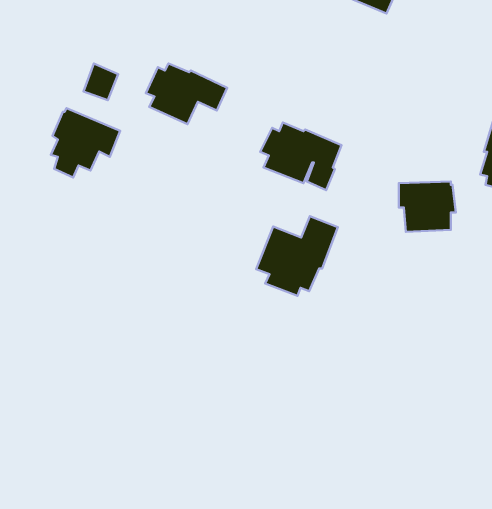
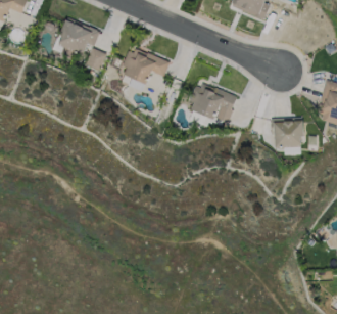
building: [51,108,120,178] -> [58,17,99,58]
building: [256,216,338,296] -> none

